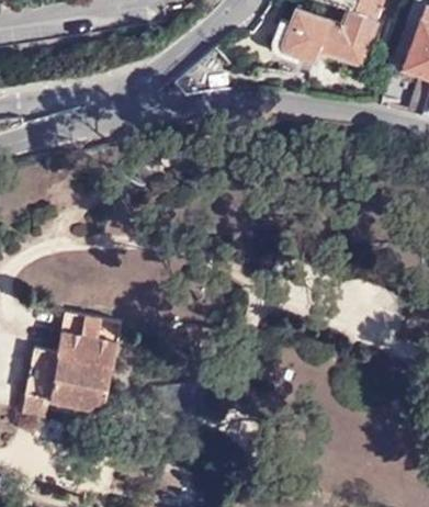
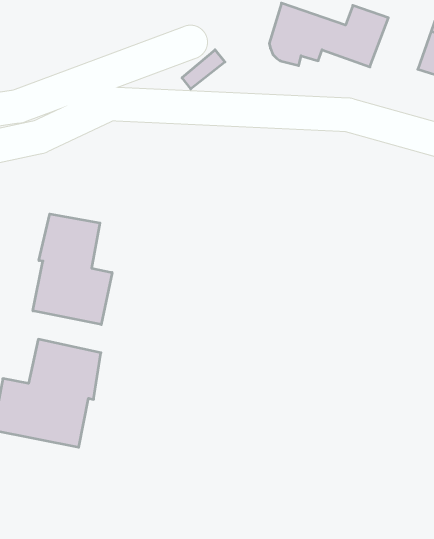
building: none -> [33,214,112,325]

